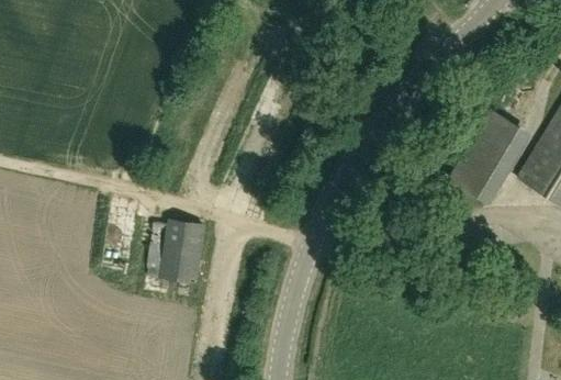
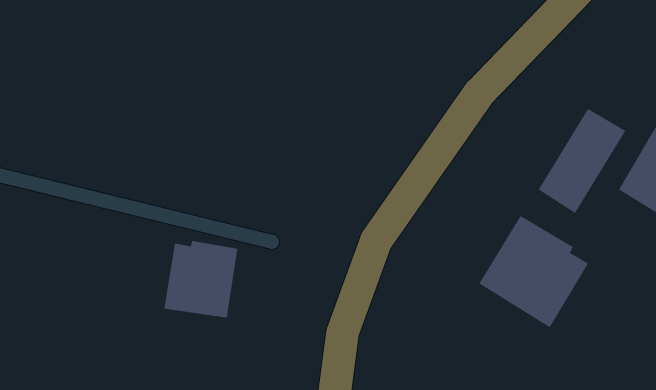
building: none -> [479,215,589,328]

